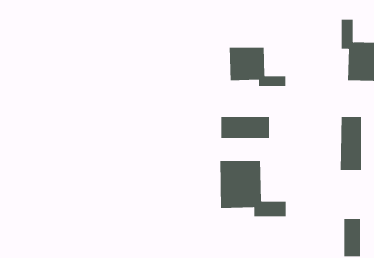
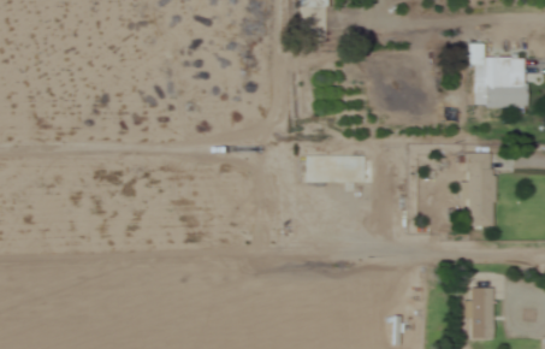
building: [229,47,286,87] -> none
building: [220,160,286,217] -> none

